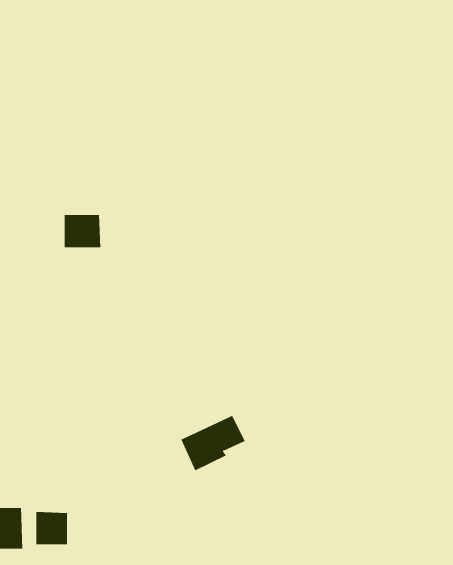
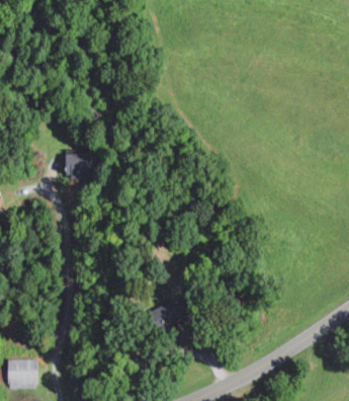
building: [36,511,67,545] -> none

